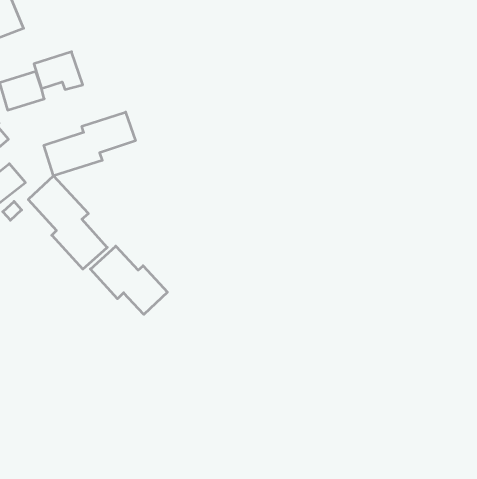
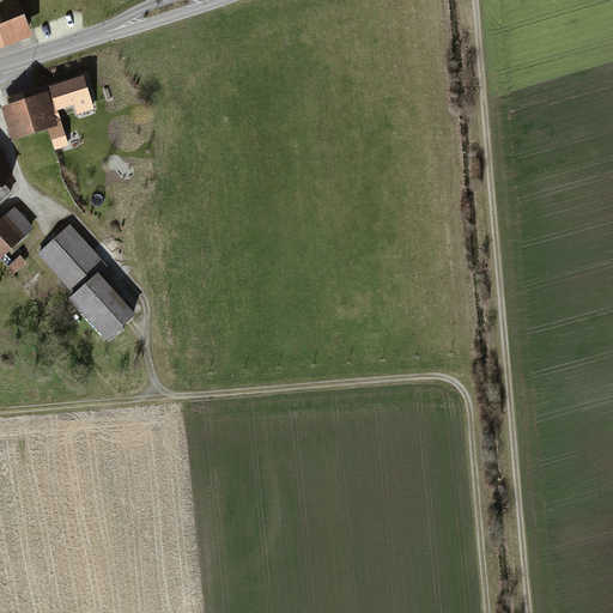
building: [44,112,135,176] -> none
building: [90,246,167,314] -> none

